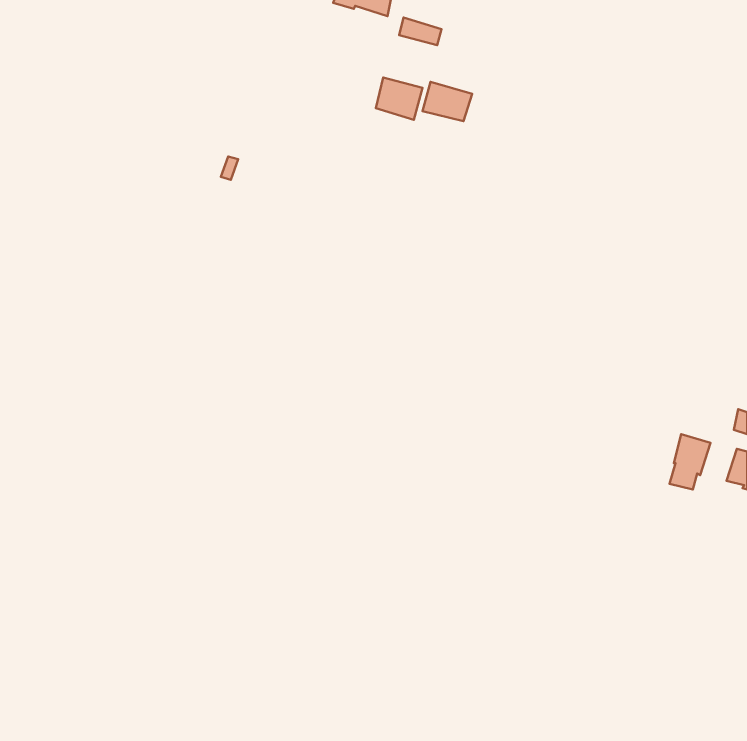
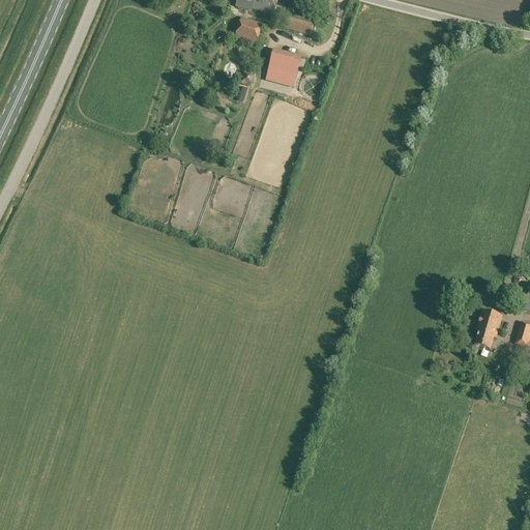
building: none -> [235,13,263,41]
building: [422,82,472,121] -> none

